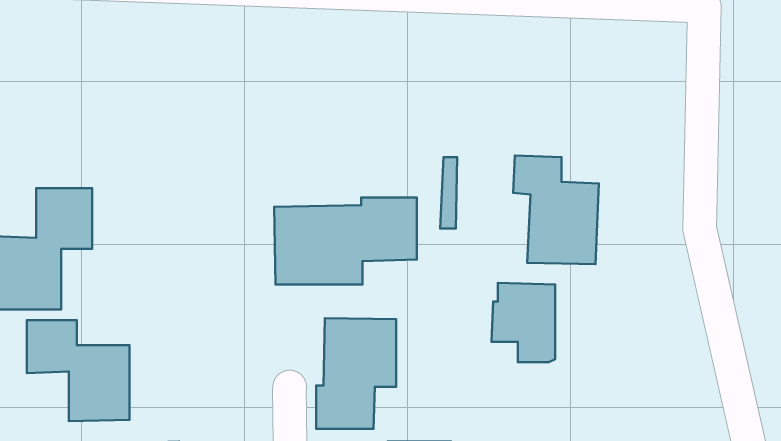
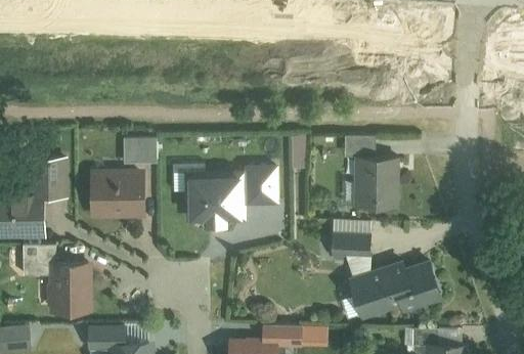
building: none -> [91,138,159,219]
building: [316,318,396,429] -> none
building: none -> [350,261,443,318]

